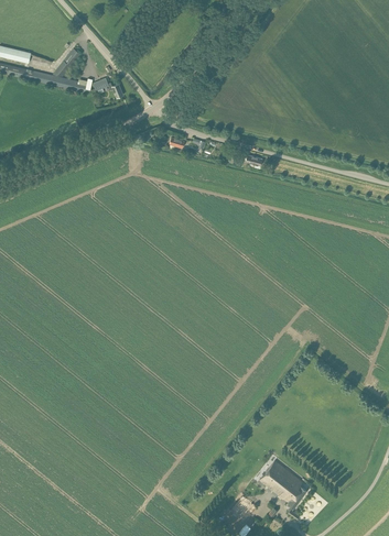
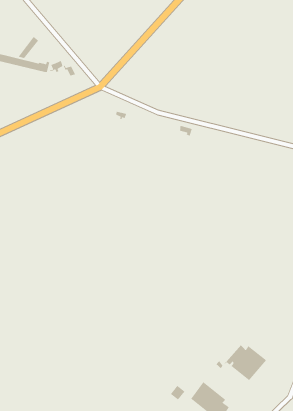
building: none -> [215,345,267,381]

